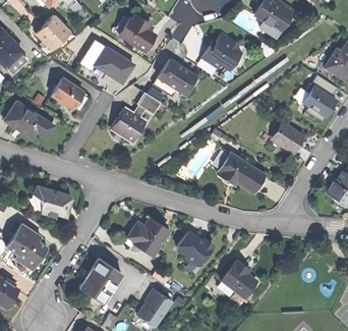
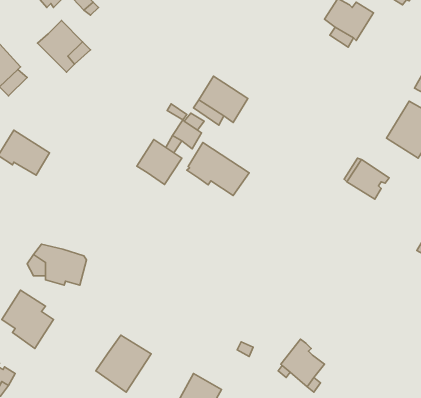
building: [122,14,157,50] -> none
building: [202,36,241,73] -> none
building: [86,44,133,81] -> none
building: [52,77,83,108] -> none
building: [218,153,266,194] -> [187,143,249,195]
building: [128,218,168,256] -> none
building: [177,230,218,268] -> none

